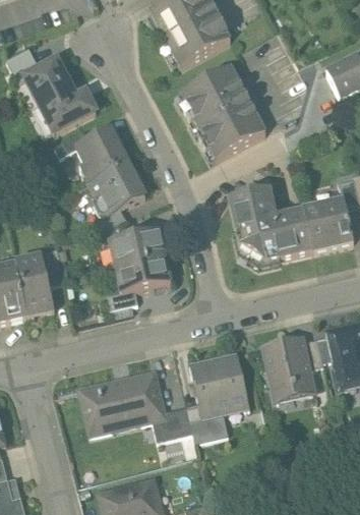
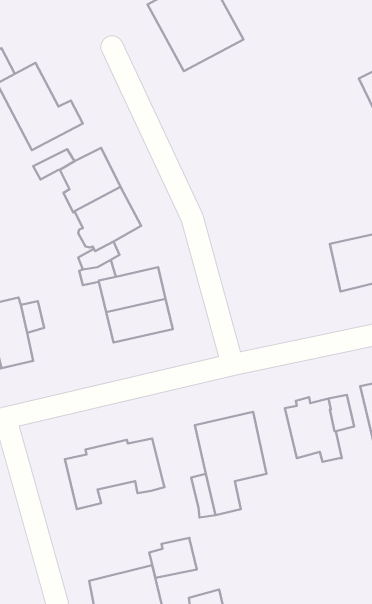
building: [181,67,264,157] -> none
building: [229,188,311,260] -> none
building: [153,404,192,438] -> [149,538,197,578]

